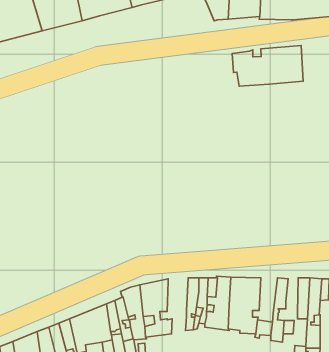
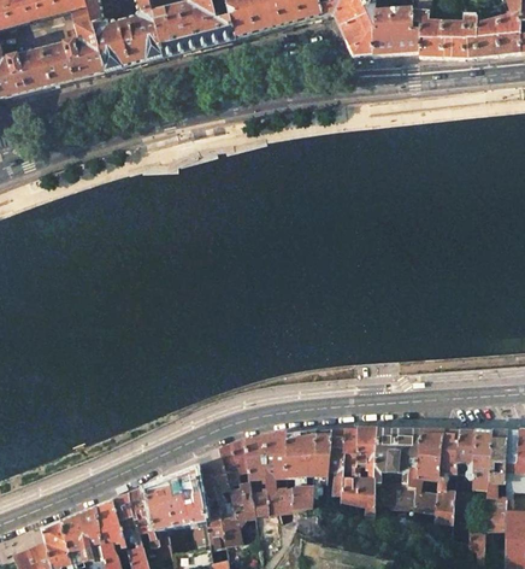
building: [232,45,303,86] -> none
building: none -> [285,429,315,510]
building: none -> [418,429,444,480]
building: none -> [456,430,474,479]

